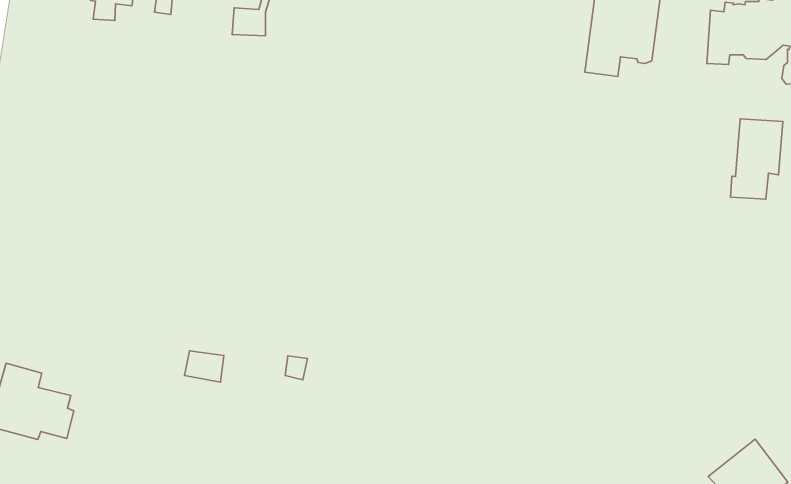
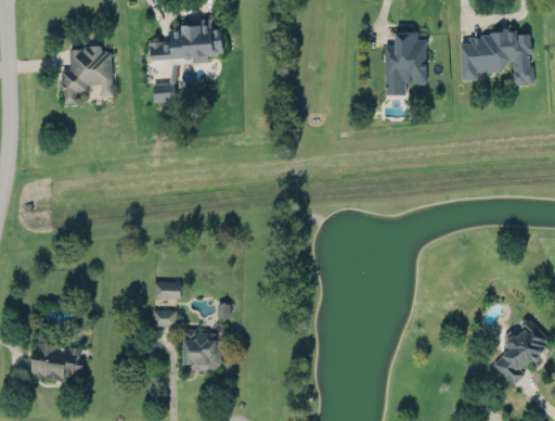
building: [730,119,783,199] -> none
building: none -> [154,282,181,299]
building: none -> [183,332,221,370]

